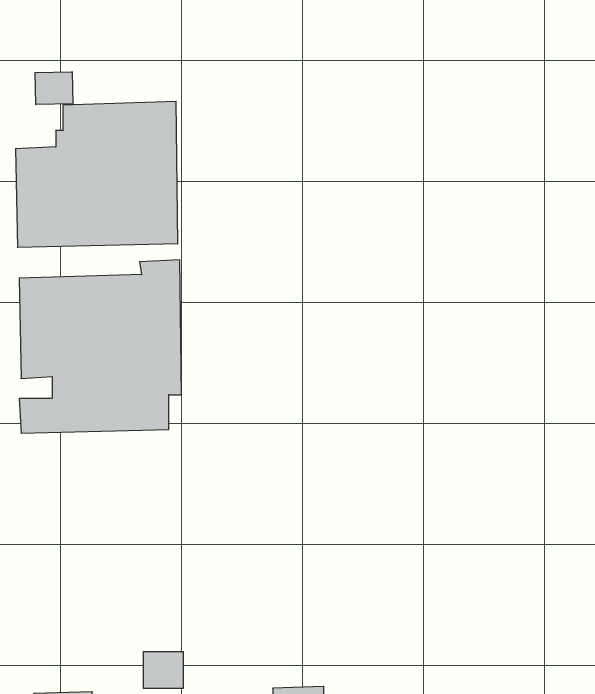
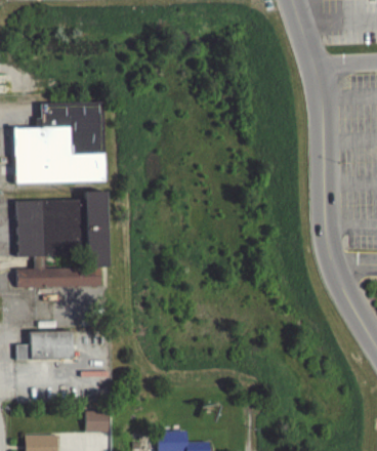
building: [35,72,73,105] -> none
building: none -> [15,332,72,361]

